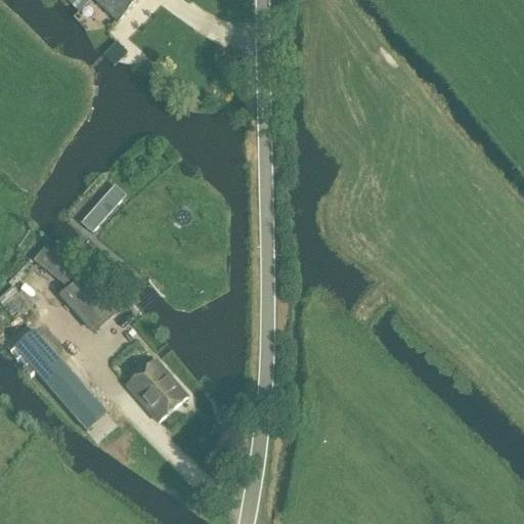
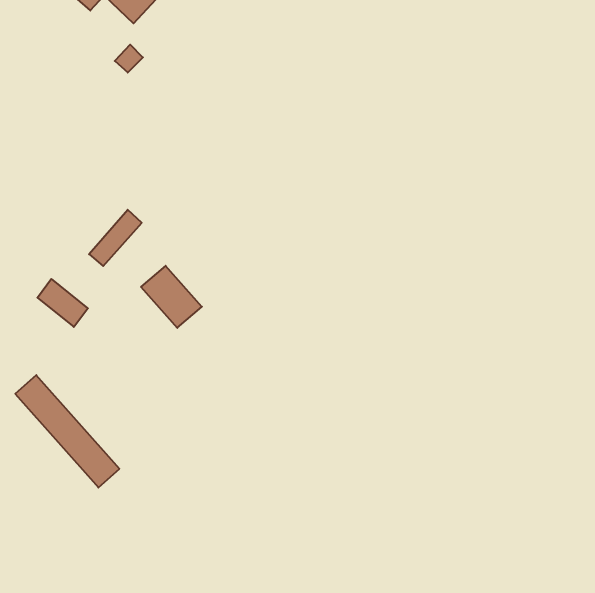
building: [60,275,114,330] -> [141,266,202,328]
building: [126,360,186,422] -> none

